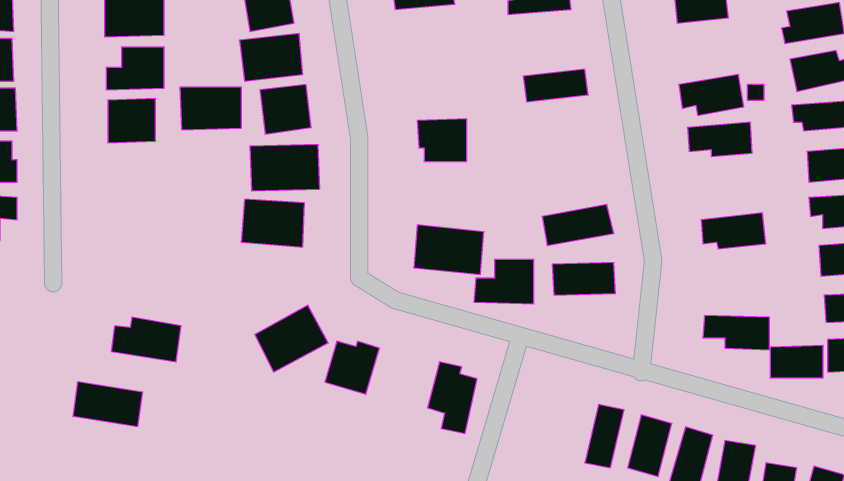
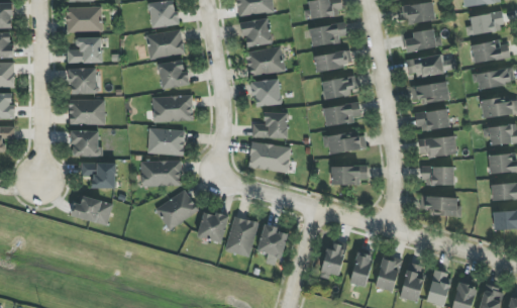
building: none -> [239,18,272,45]
building: none -> [310,22,347,45]
building: none -> [405,28,442,50]
building: none -> [246,47,285,75]
building: [180,87,241,130] -> [69,99,105,124]
building: none -> [322,75,357,98]
building: none -> [324,103,360,125]
building: none -> [416,109,450,131]
building: none -> [72,130,103,156]
building: none -> [141,160,182,187]
building: none -> [82,162,116,189]
building: [474,259,534,304] -> [252,112,288,138]
building: [770,345,823,378] -> [423,166,454,185]
building: none -> [227,216,257,255]
building: [73,382,142,427] -> none
building: none -> [320,241,347,278]

